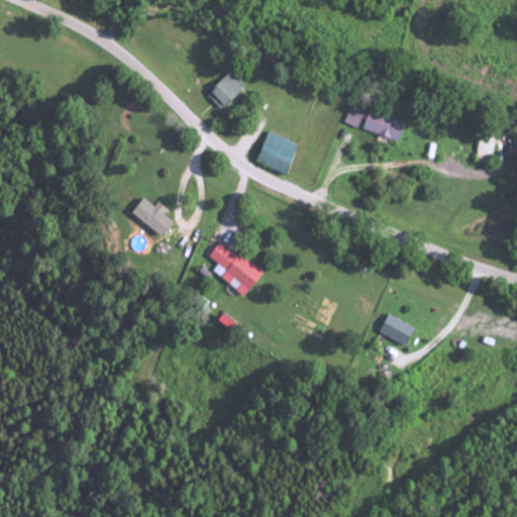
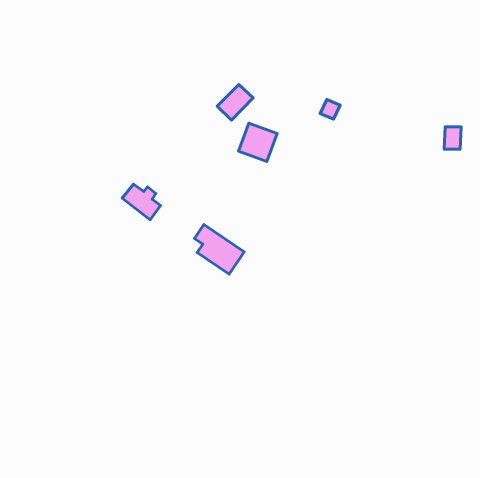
building: [207,71,245,109] -> [217,85,253,120]
building: [364,113,404,139] -> none
building: [379,313,415,344] -> none

